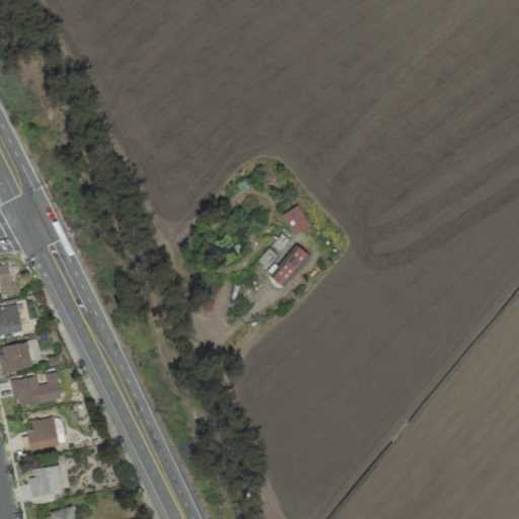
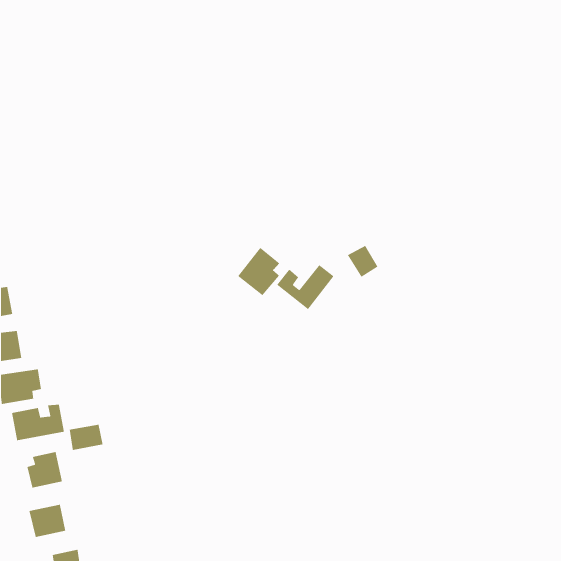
building: [281,206,310,236] -> [347,245,379,278]
building: none -> [237,247,280,296]
building: none -> [69,424,103,451]

